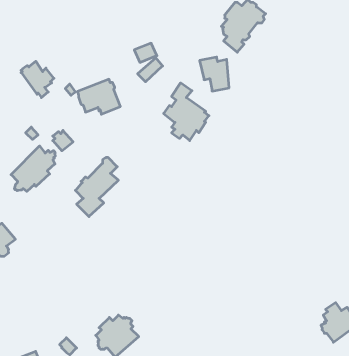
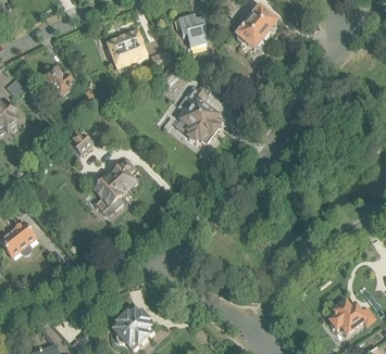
building: [200,57,229,91] -> [177,14,206,47]
building: [77,79,120,114] -> [105,30,147,64]
building: [11,146,55,191] -> none

